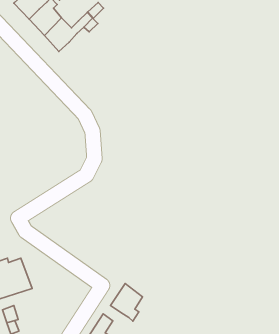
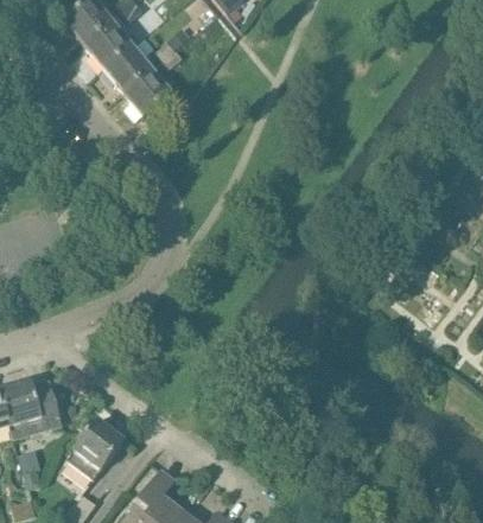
building: none -> [123,68,171,114]
building: none -> [68,419,123,477]
building: [110,284,143,321] -> none

